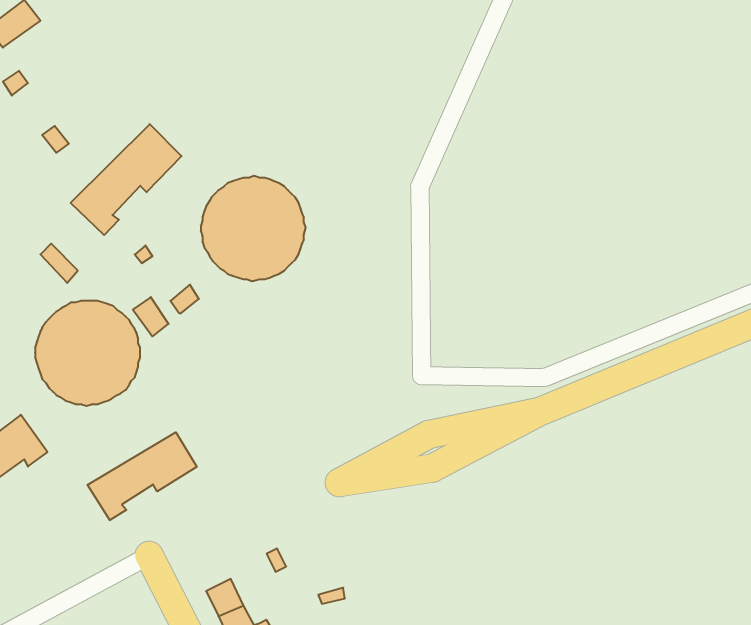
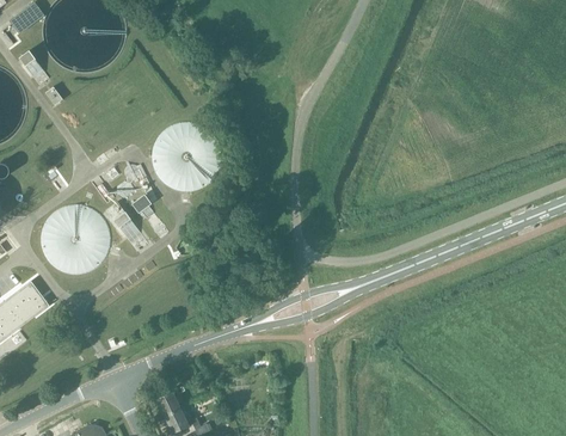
building: [71,124,182,235] -> none
building: [88,432,197,520] -> none

